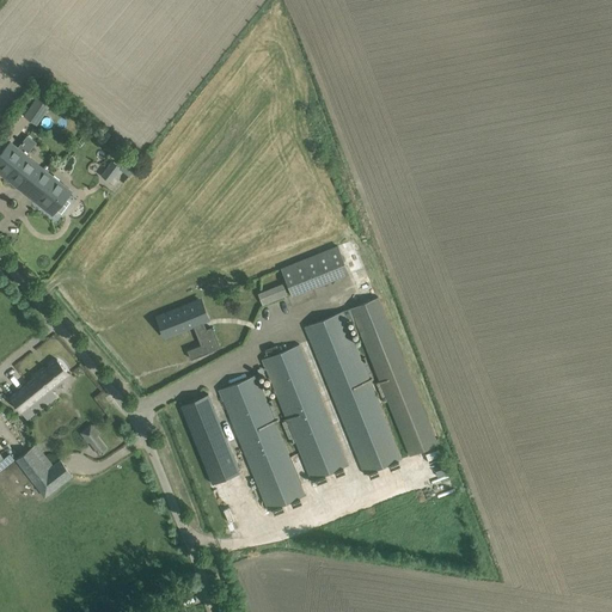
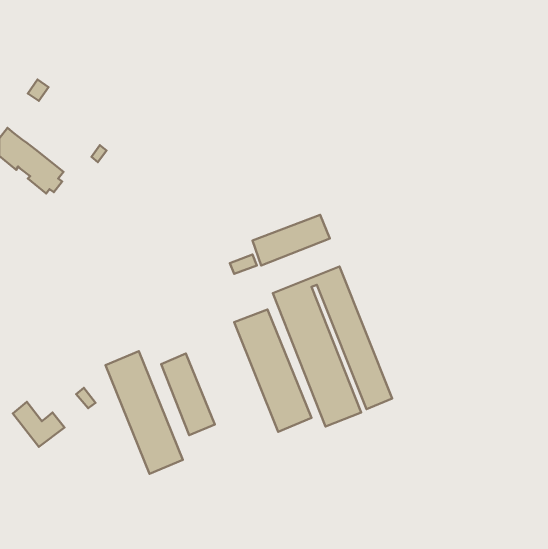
building: [157,299,219,353] -> none
building: [8,360,68,420] -> none
building: [218,374,304,510] -> [105,351,183,474]

